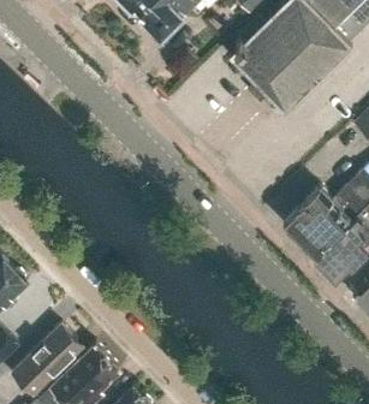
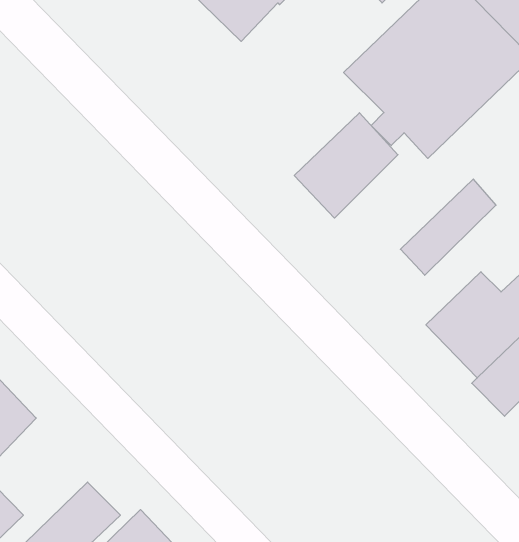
building: none -> [294,113,398,218]
building: none -> [400,179,496,275]

